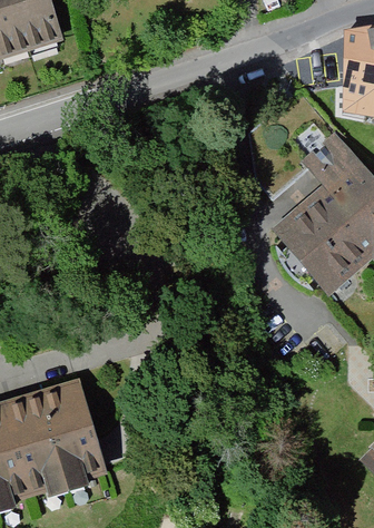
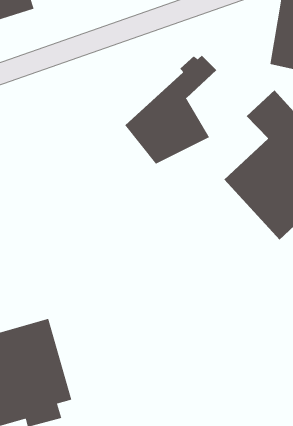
building: none -> [124,55,217,164]

